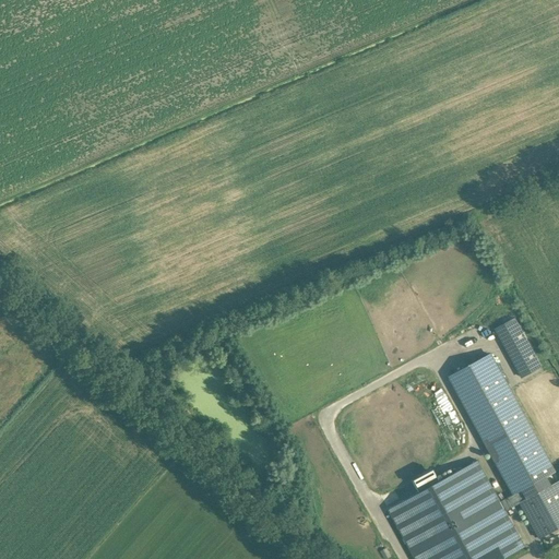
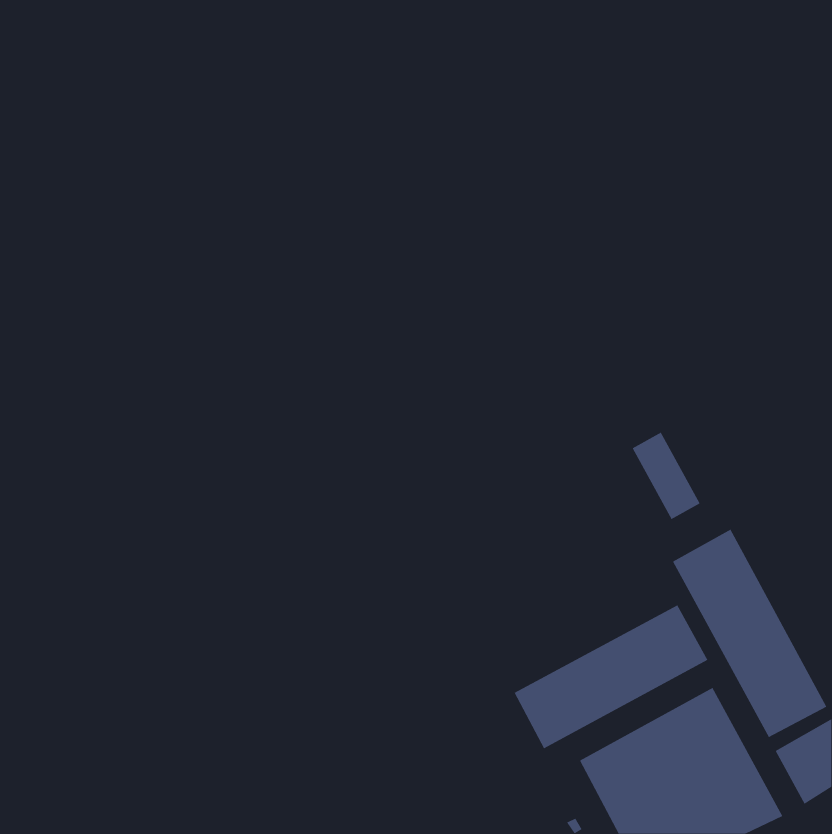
building: [495,318,540,377] -> [632,432,700,520]
building: none -> [514,605,708,749]

